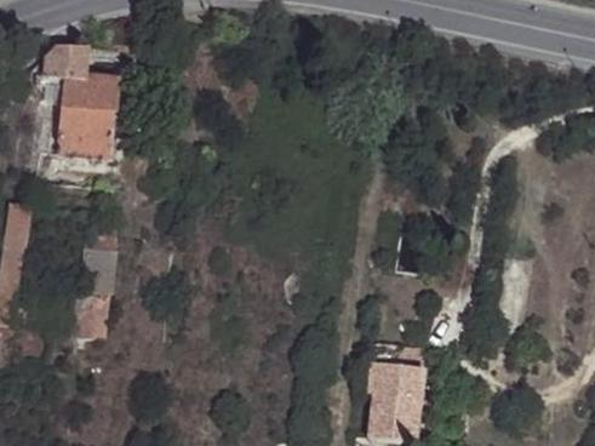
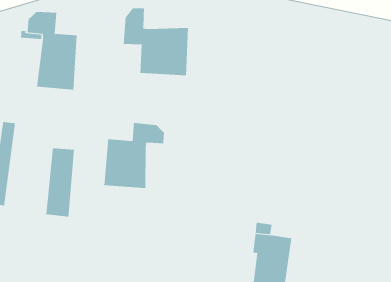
building: none -> [123,7,189,76]
building: none -> [104,122,165,189]

